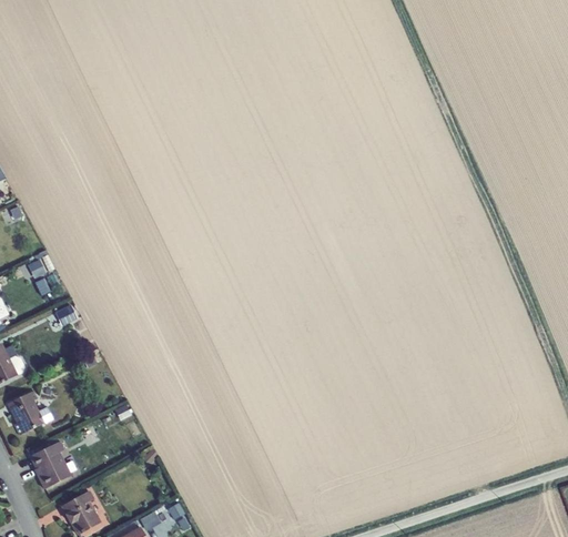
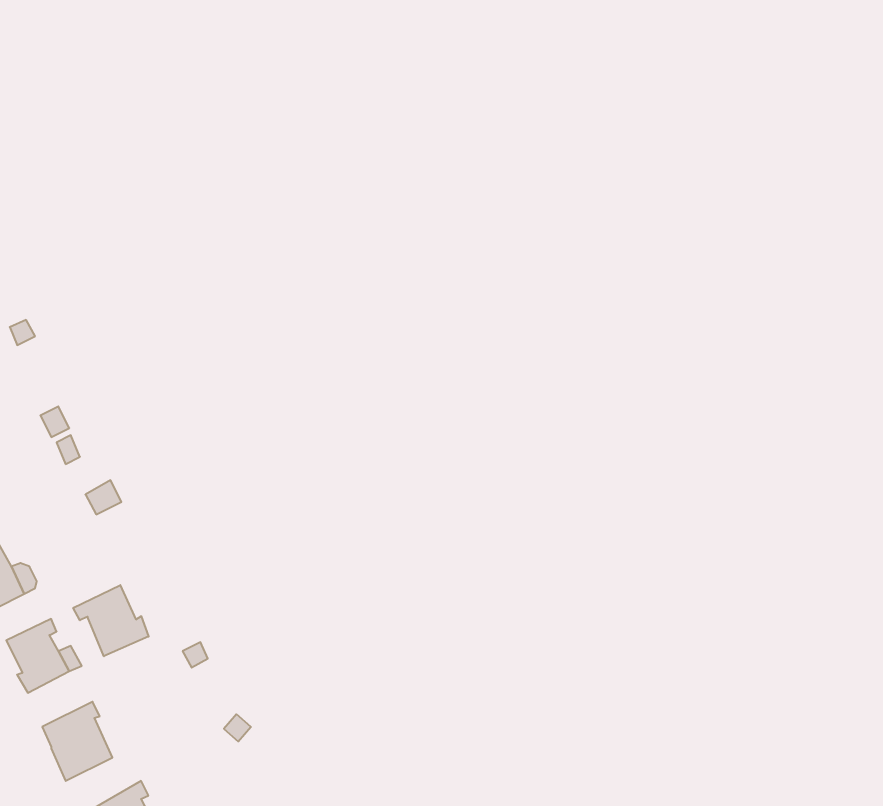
building: none -> [73,585,149,656]

